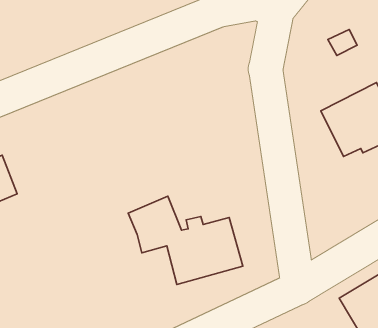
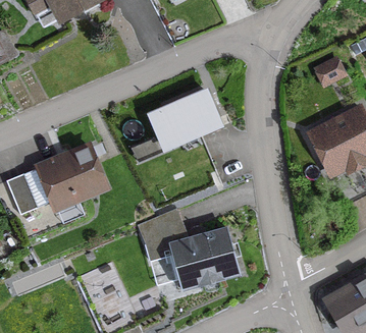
building: none -> [145,92,221,154]
building: none -> [38,146,105,202]

